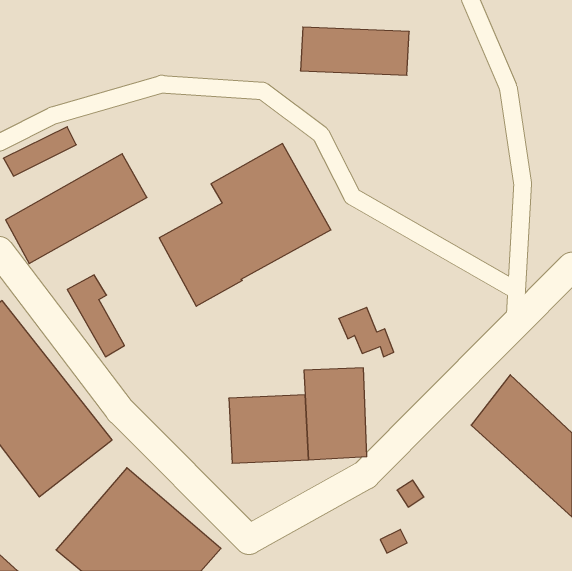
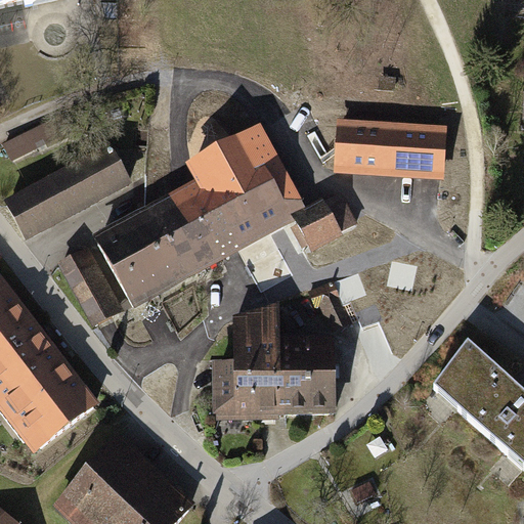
building: [300,27,409,75] -> [341,126,440,170]
building: none -> [295,195,355,249]
building: none -> [98,217,179,305]
building: none -> [230,304,278,362]

